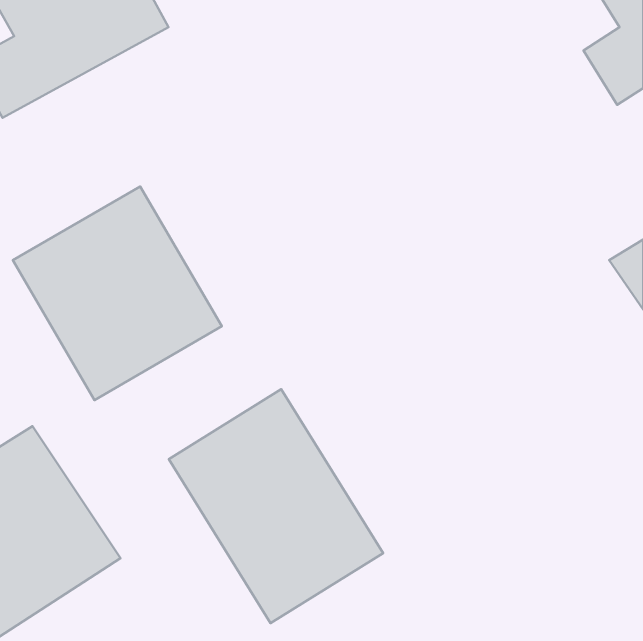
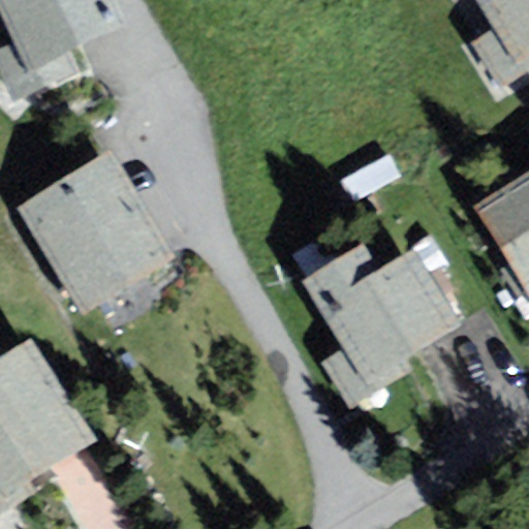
building: none -> [305,246,470,407]
building: [169,389,383,623] -> none

